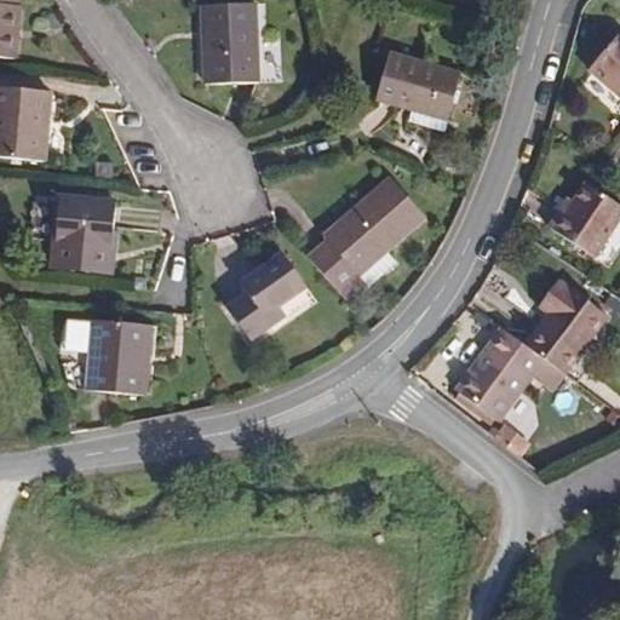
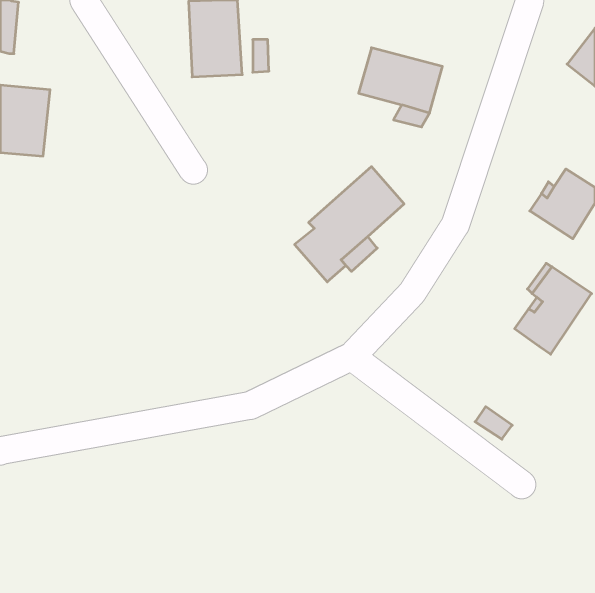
building: [52,196,119,272] -> none
building: [226,252,304,335] -> none
building: [86,320,151,395] -> none
building: [460,321,561,413] -> none

